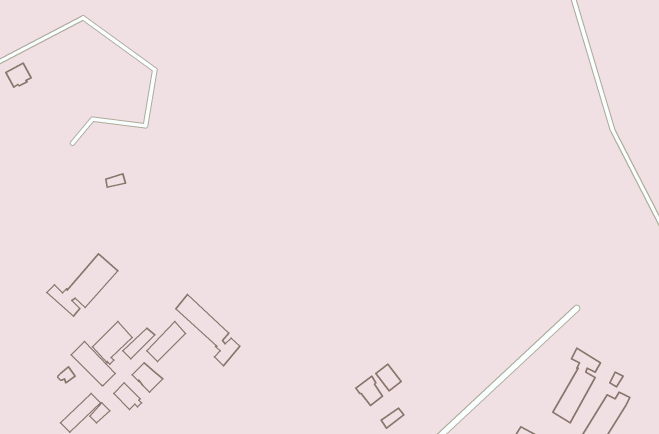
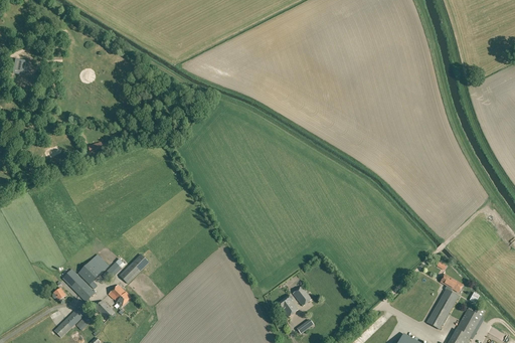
building: [47,254,118,316] -> none
building: [176,295,240,366] -> none

